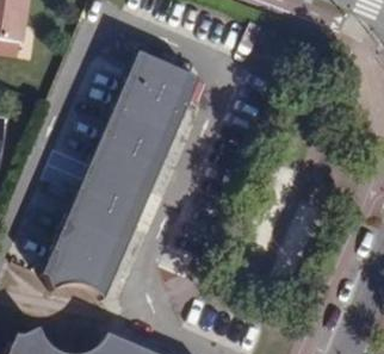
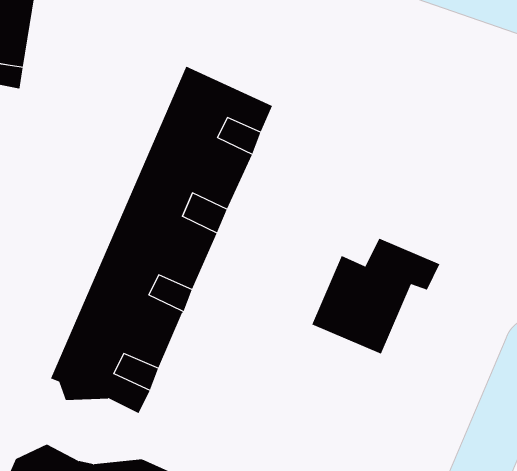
building: none -> [311,238,440,354]

